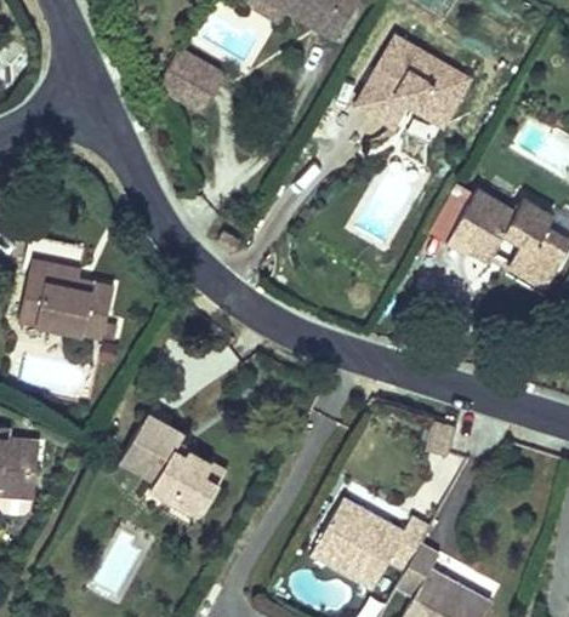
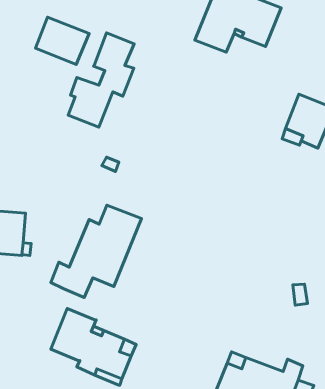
building: none -> [68,33,134,127]
building: none -> [51,205,142,297]

